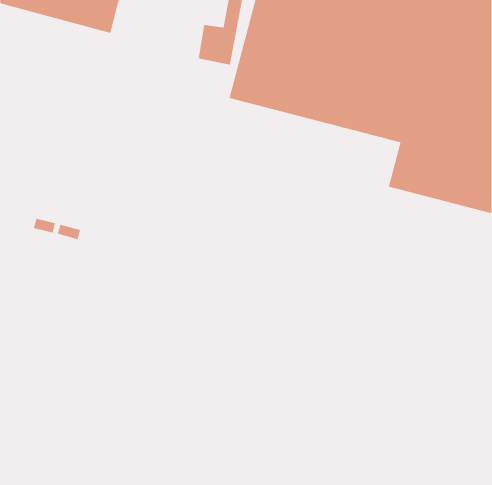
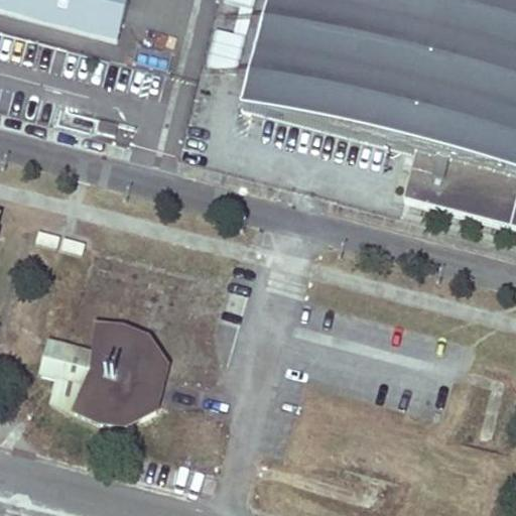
building: none -> [41,319,168,422]

